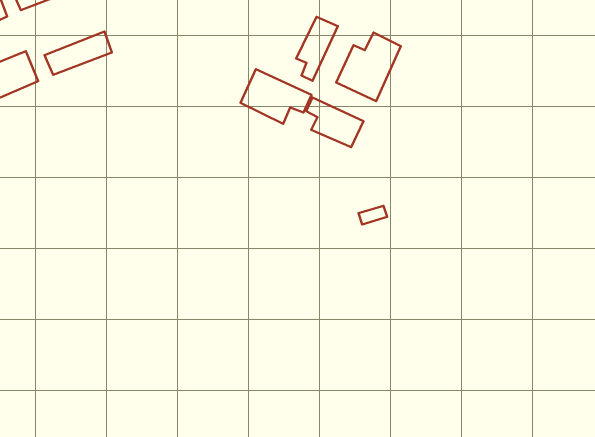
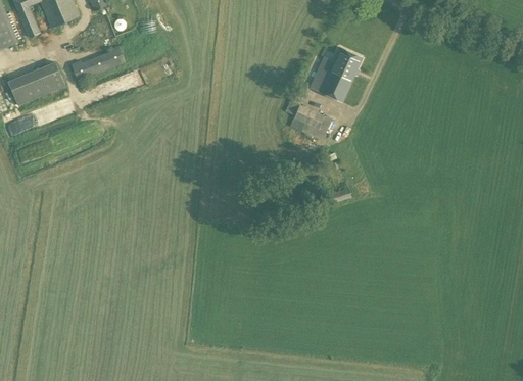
building: [296,17,338,81] -> none
building: [241,69,312,124] -> none

